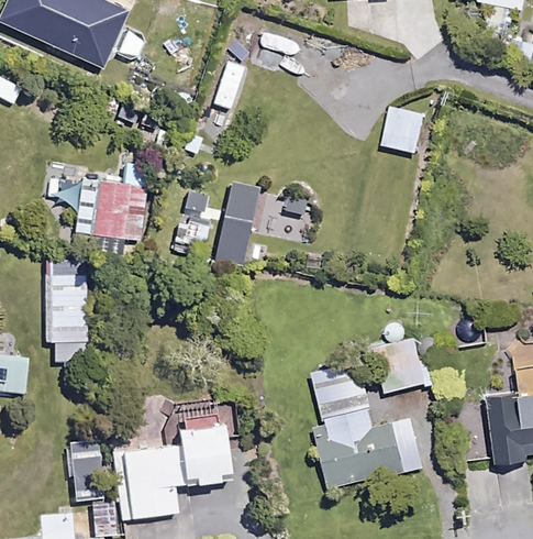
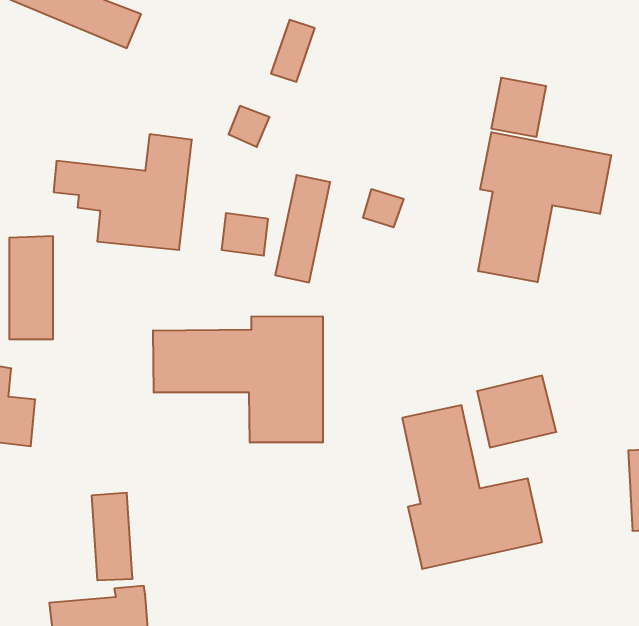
building: none -> [478,132,611,282]
building: [52,261,86,341] -> [9,236,53,339]
building: none -> [153,316,323,443]
building: [113,425,236,518] -> none

